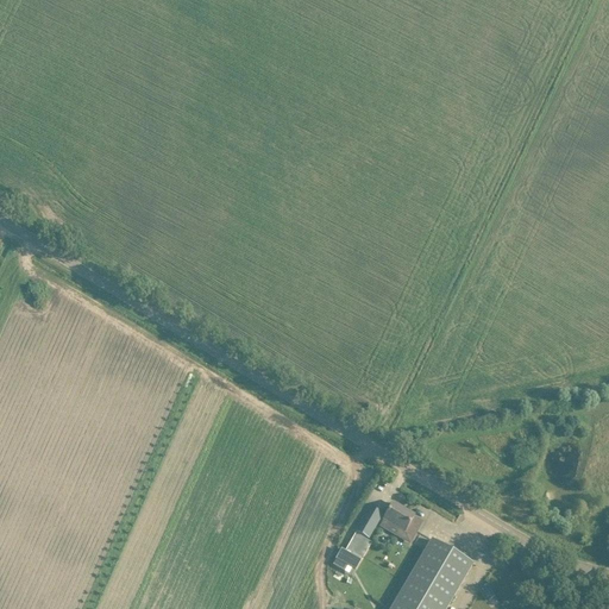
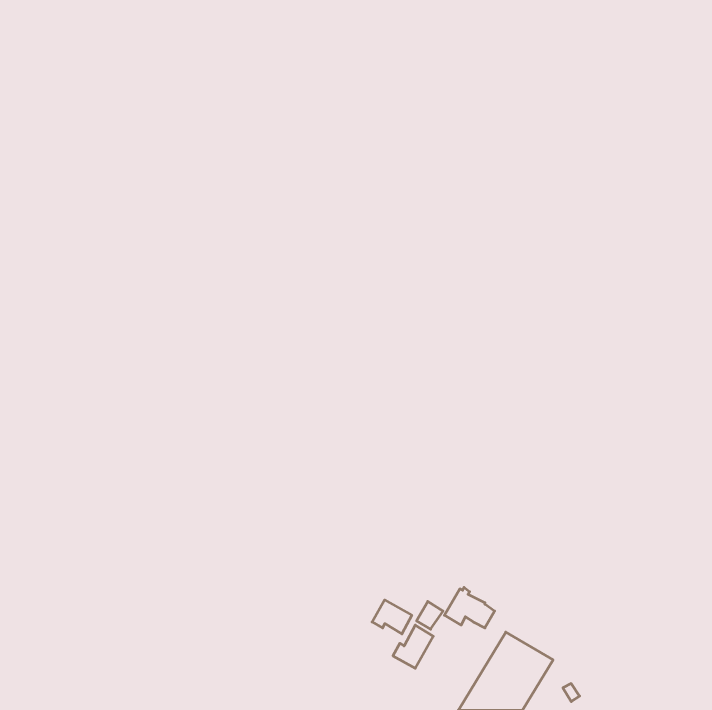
building: none -> [372,600,412,634]

